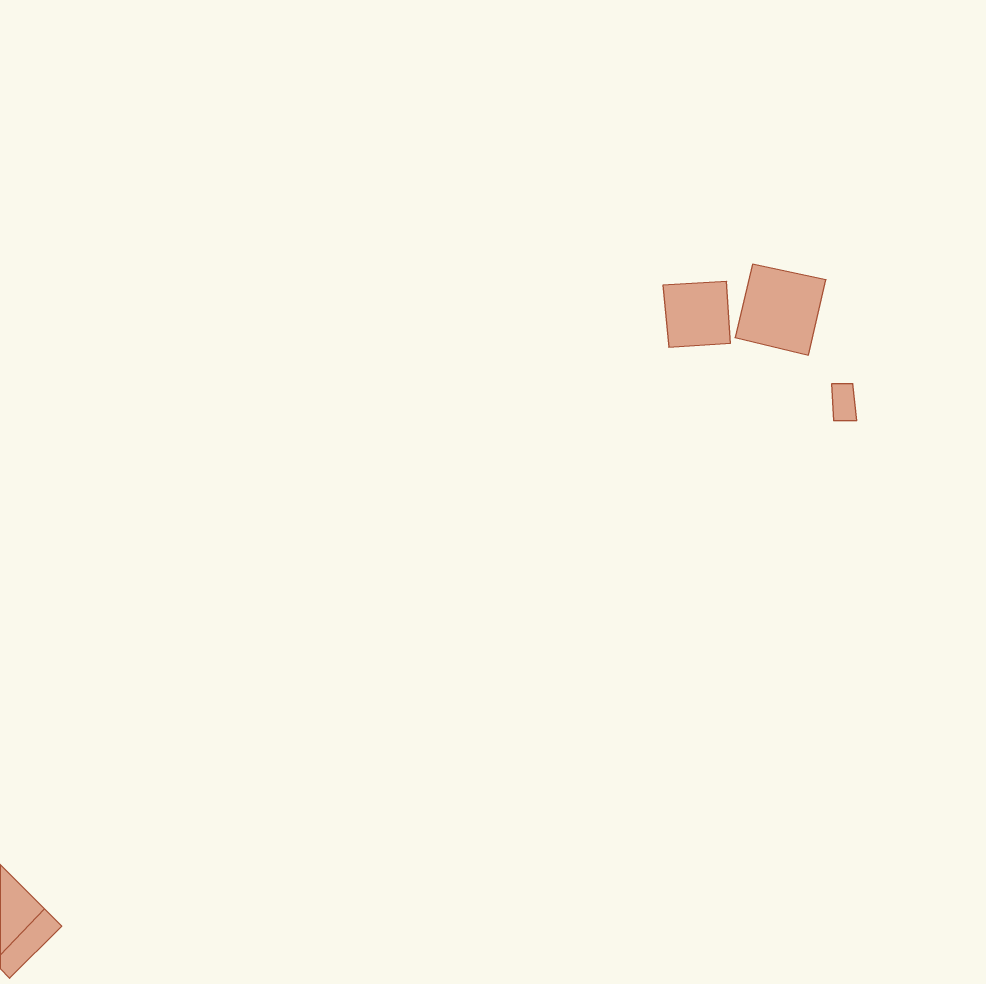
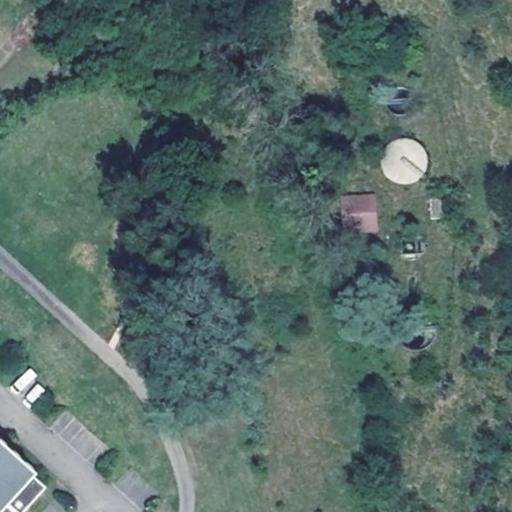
building: [663,281,730,347] -> [342,197,377,231]

